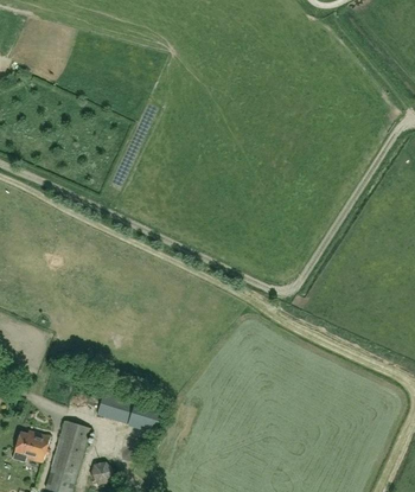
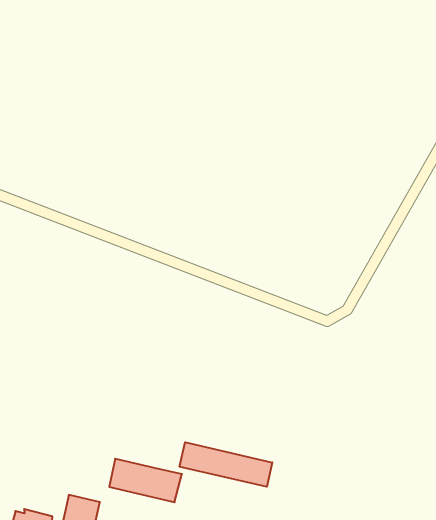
building: none -> [180,442,272,487]

